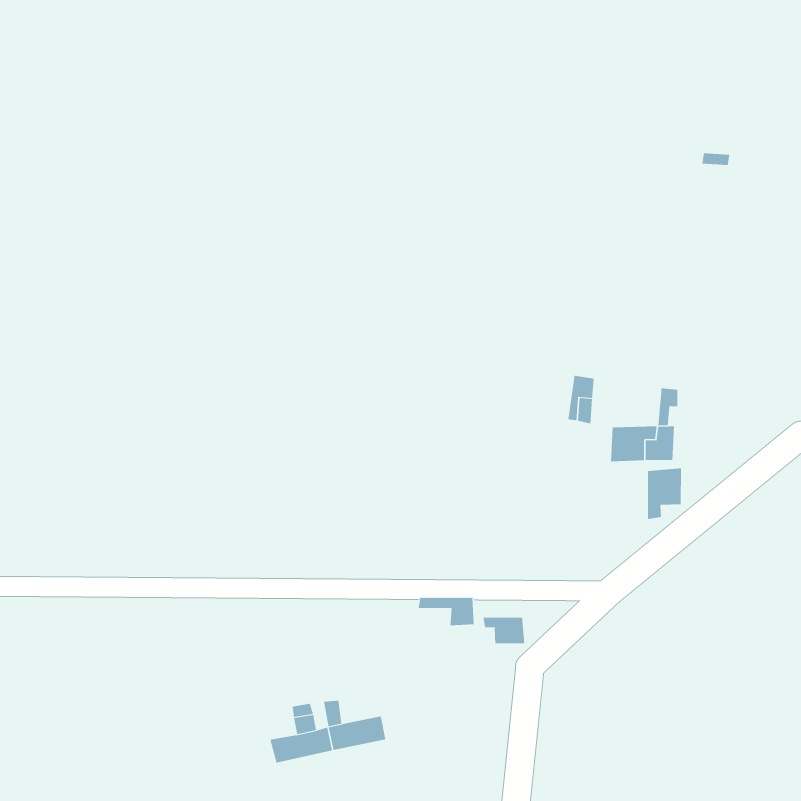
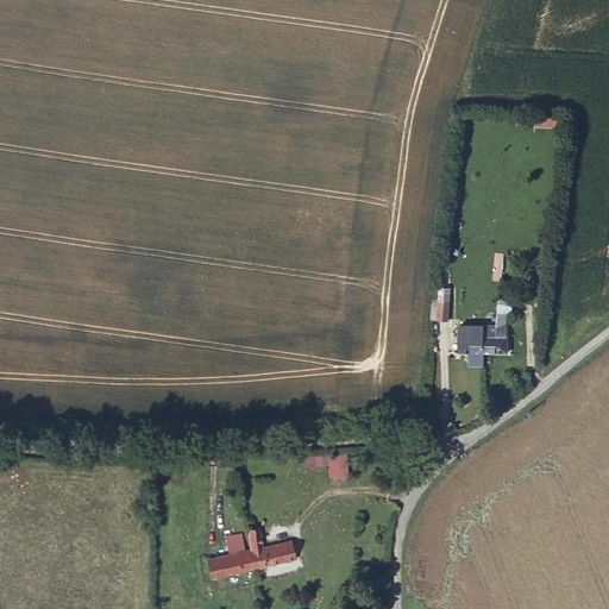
building: [647,468,681,520] -> none
building: [483,617,525,644] -> none

